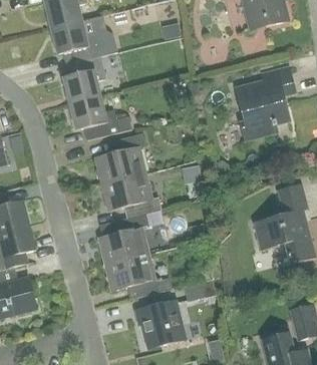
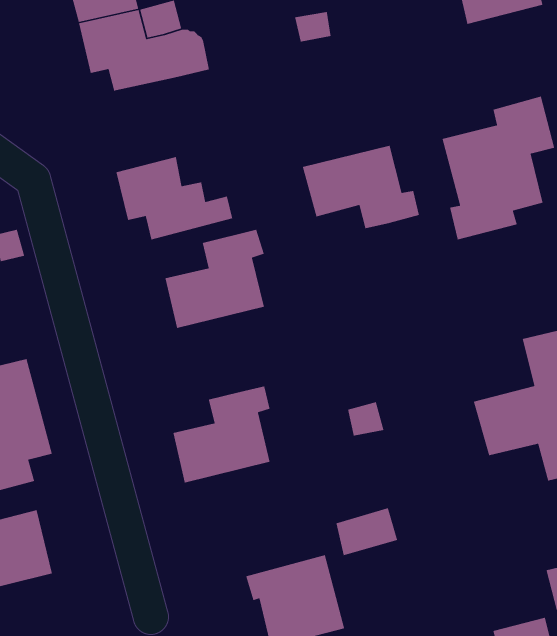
building: [63,57,106,105] -> none
building: [101,174,162,218] -> [302,145,420,229]
building: [105,254,165,299] -> none

